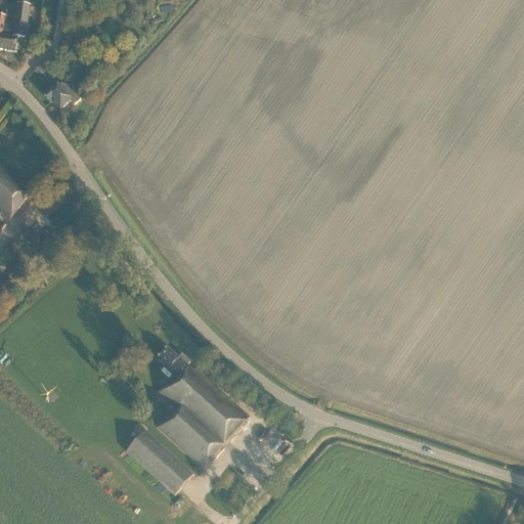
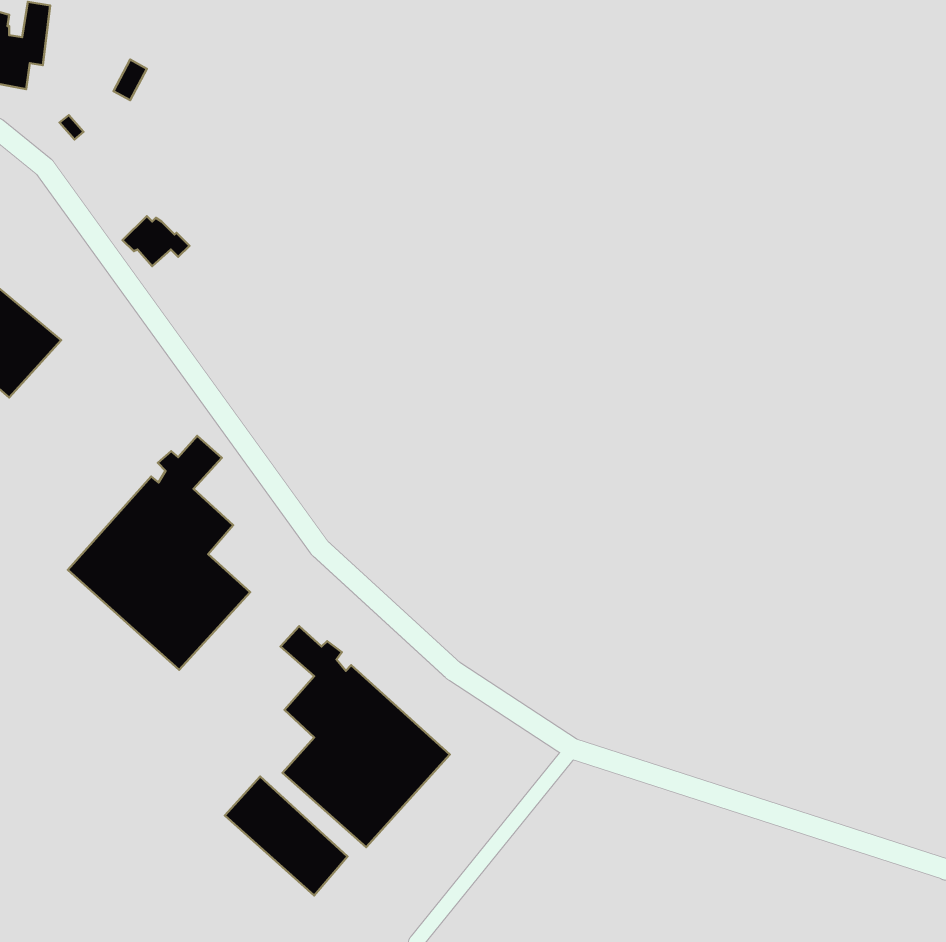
building: [42,80,79,107] -> [123,216,189,266]
building: none -> [68,436,250,670]

